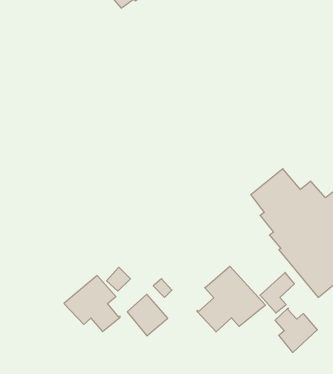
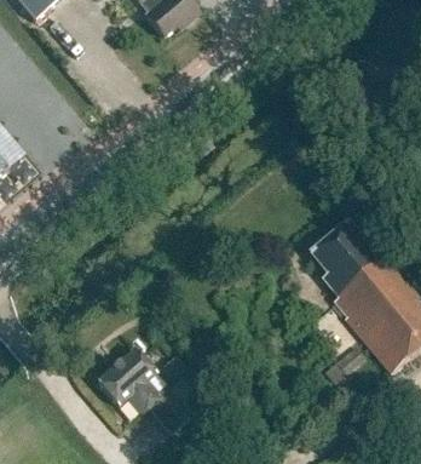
building: [197,266,265,332] -> none
building: [275,308,317,352] -> none

